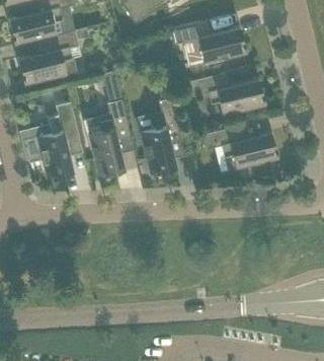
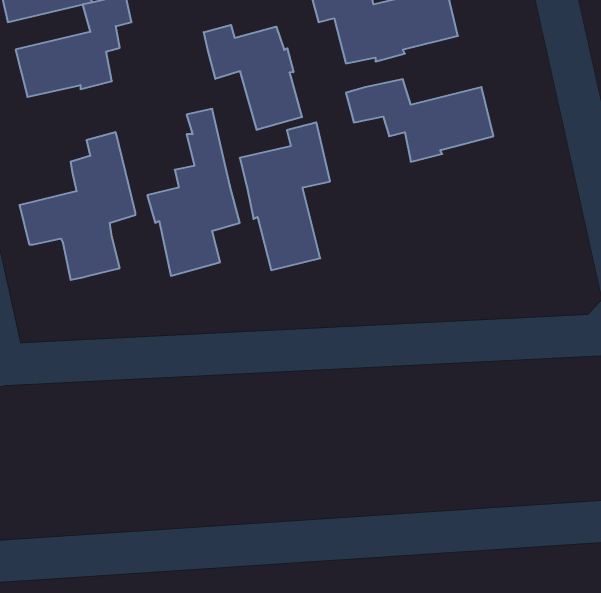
building: none -> [204,25,302,130]
building: [203,126,278,170] -> none

